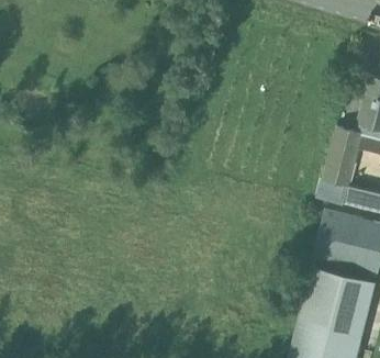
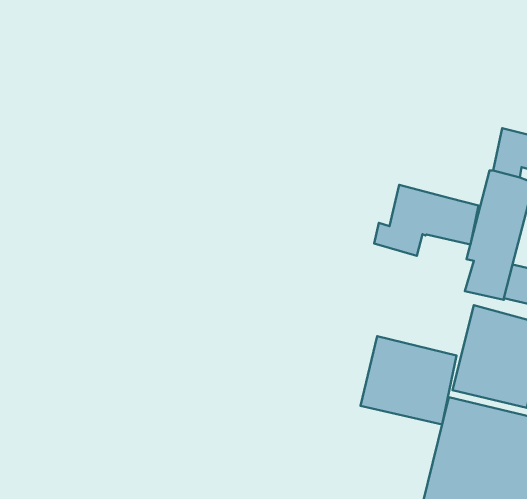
building: none -> [374,185,479,256]
building: none -> [361,336,457,425]

